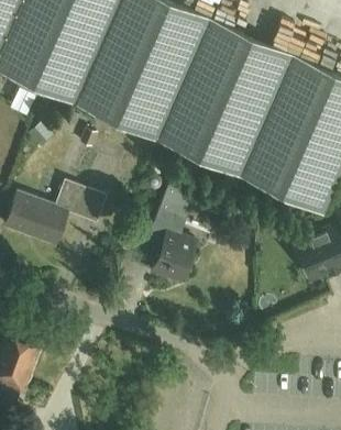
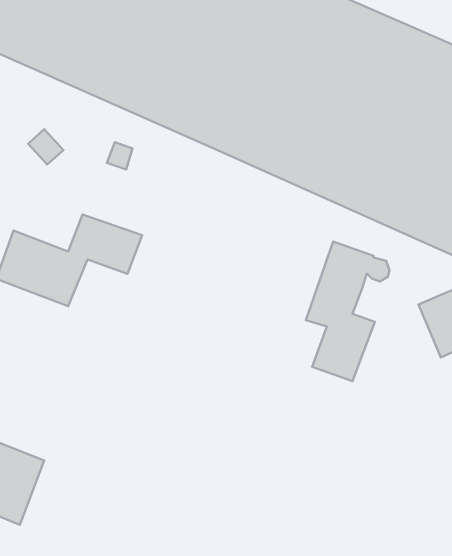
building: [148,189,206,285] -> [306,241,389,381]

